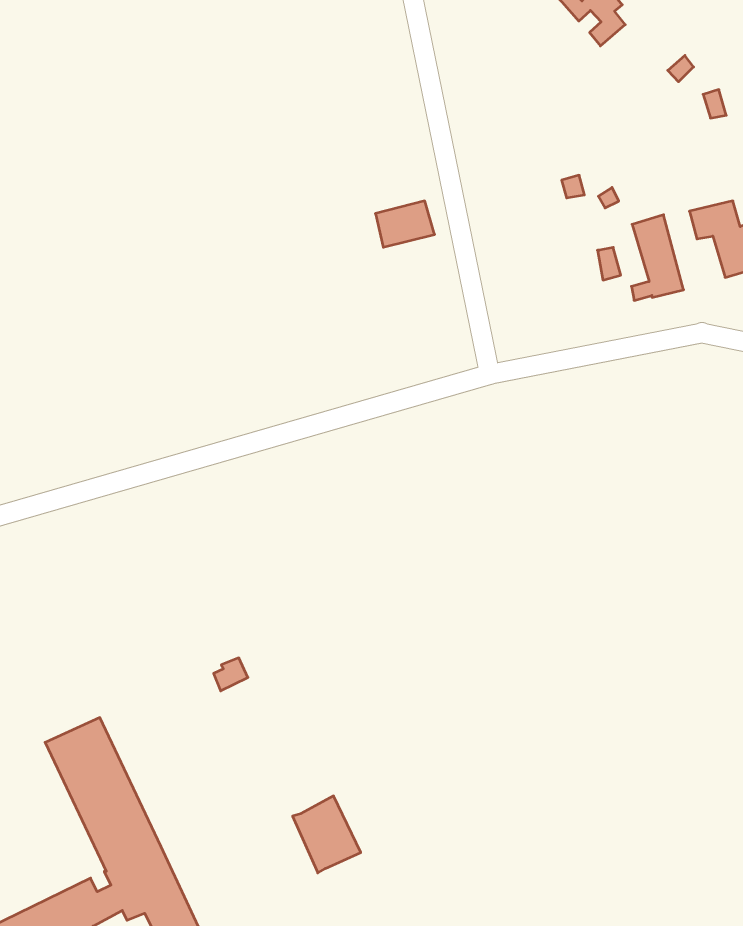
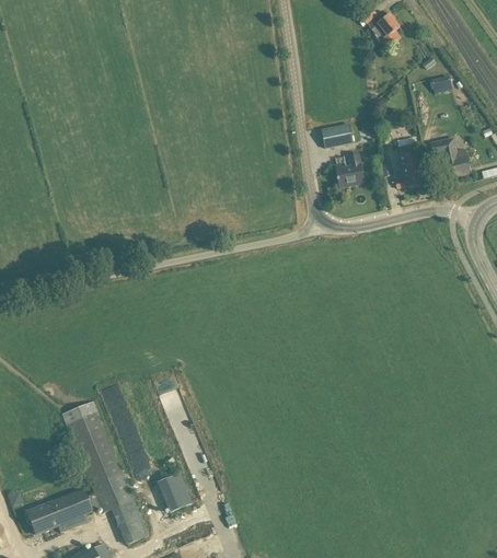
building: [375,201,435,247] -> [322,124,354,148]
building: none -> [336,153,365,186]
building: [293,796,361,873] -> [157,472,193,513]

